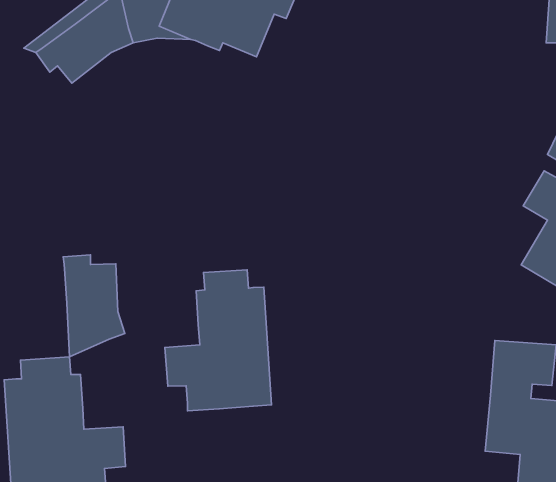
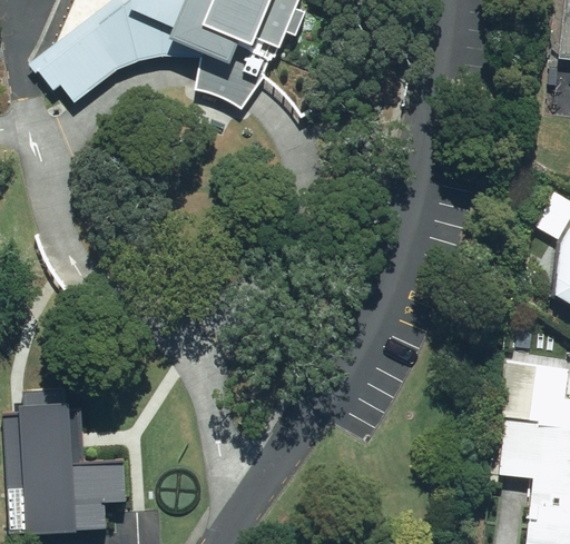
building: none -> [196,59,265,110]
building: [63,255,125,357] -> none
building: [165,270,271,411] -> none

